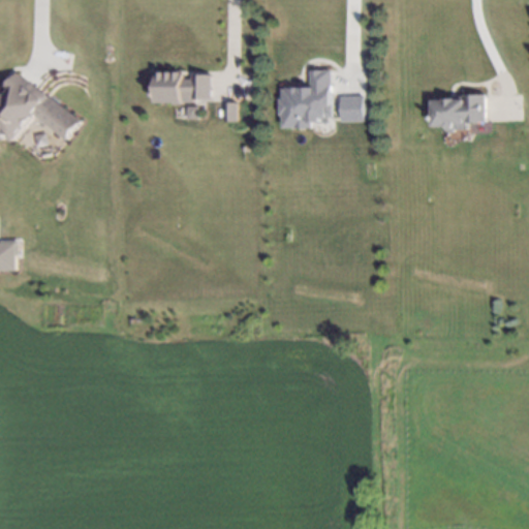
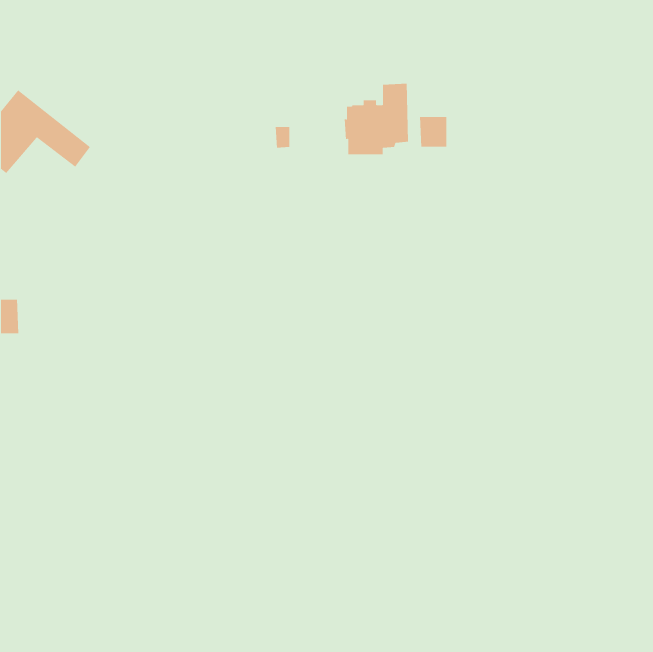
building: [154,75,209,103] -> none
building: [431,93,481,127] -> none

